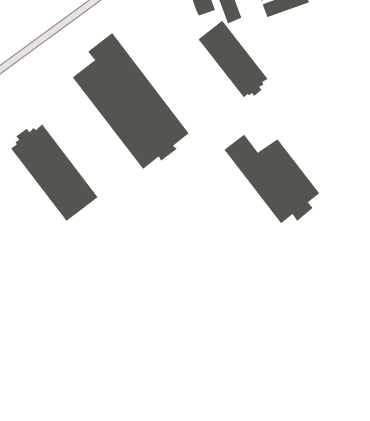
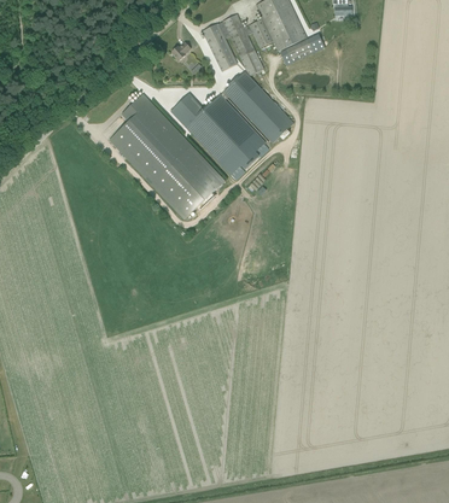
building: [10,124,98,222] -> none
building: [223,134,320,224] -> [170,93,264,174]

